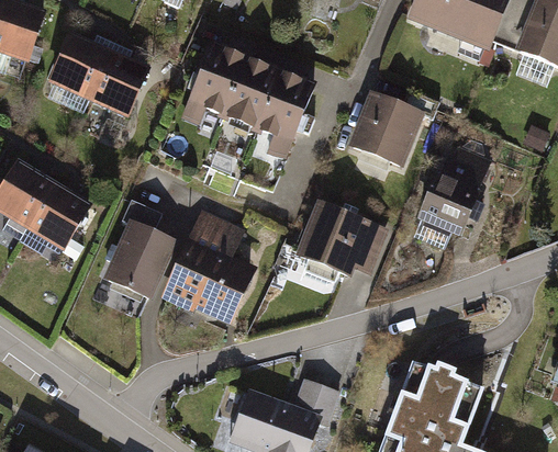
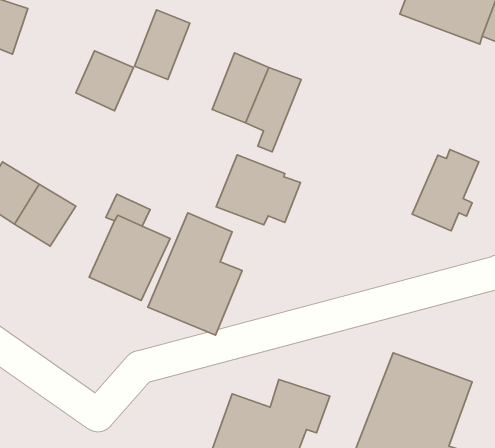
building: [51,36,108,95] -> none
building: [191,43,246,112] -> [134,10,190,80]
building: [355,97,417,162] -> none
building: [299,203,382,272] -> [216,155,301,225]

